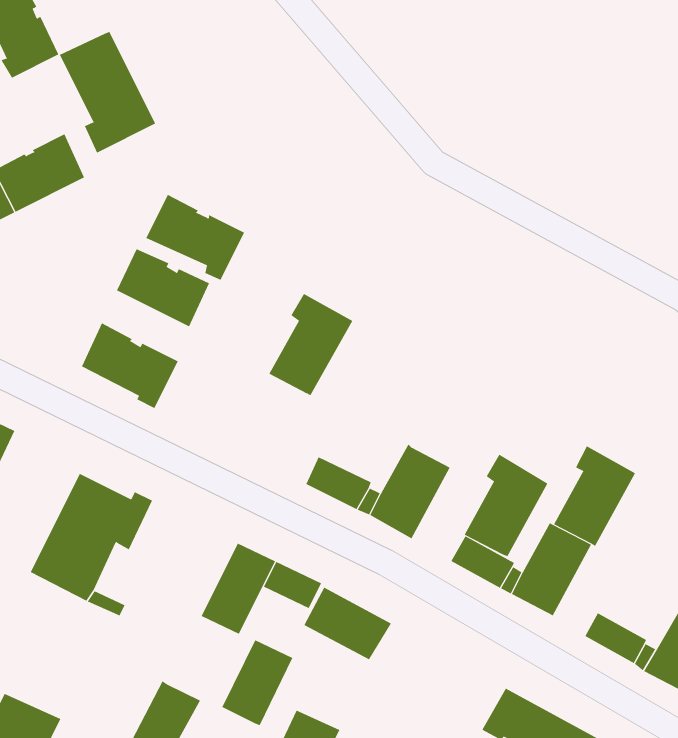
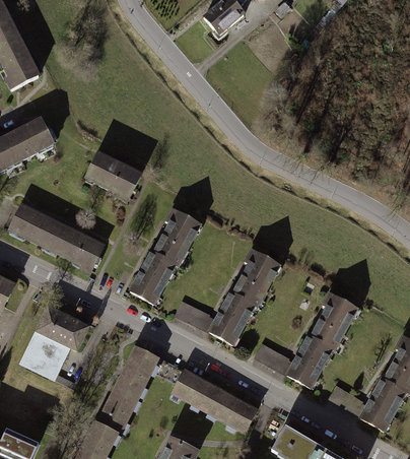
building: [59,31,156,153] -> none
building: [116,248,210,327] -> [9,205,61,249]
building: none -> [130,252,175,303]
building: [464,454,548,557] -> [232,249,279,306]
building: none -> [209,391,257,432]
building: [222,639,293,726] -> [97,387,137,435]

